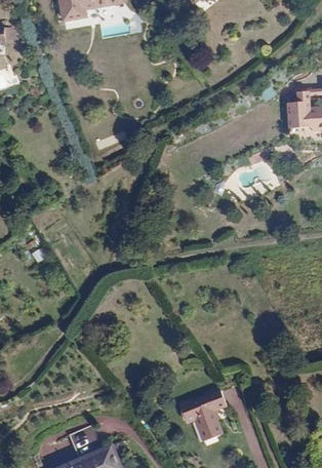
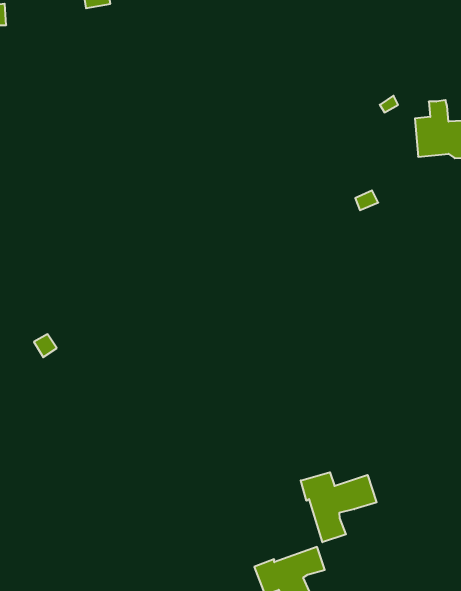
building: none -> [301,472,377,542]

